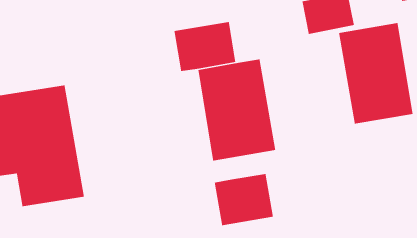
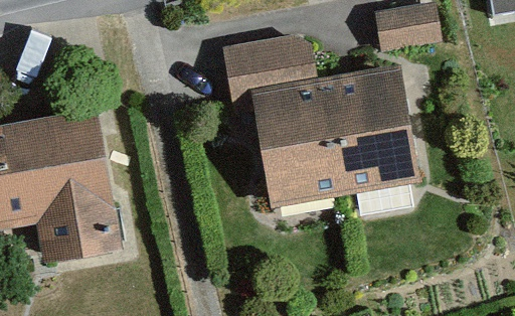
building: [338,22,413,125] -> [327,68,416,190]
building: [214,173,274,226] -> none

